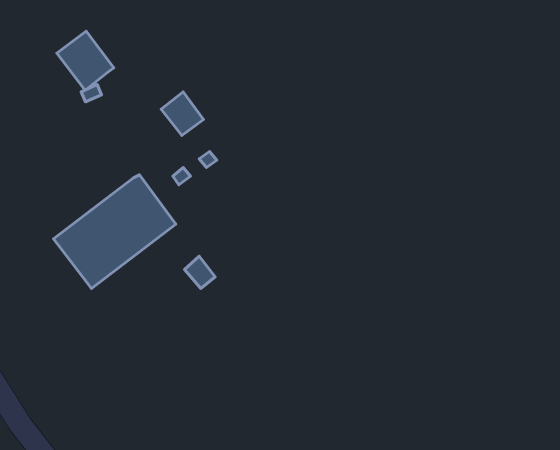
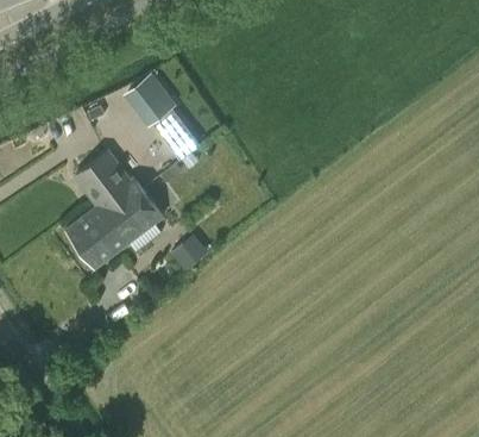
building: [57,31,114,90] -> [127,75,174,123]
building: none -> [74,150,128,205]

